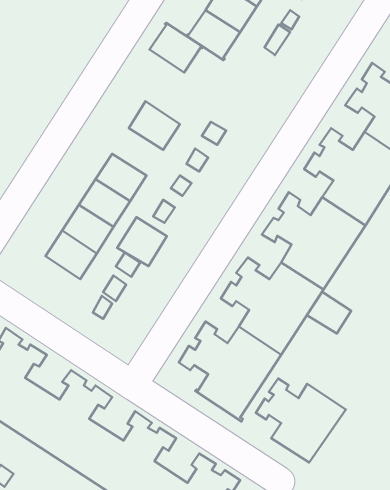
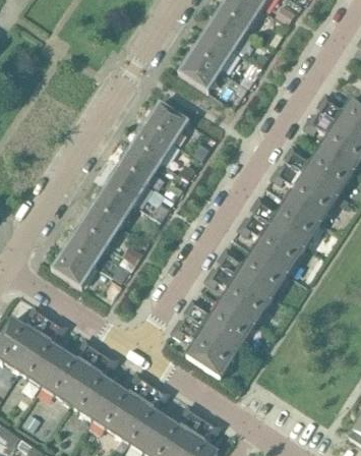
building: [150,23,203,73] -> [145,103,188,142]
building: none -> [119,146,160,183]
building: [117,217,167,266] -> none
building: none -> [52,247,94,287]
building: [307,292,351,333] -> none
building: [256,378,346,463] -> none

